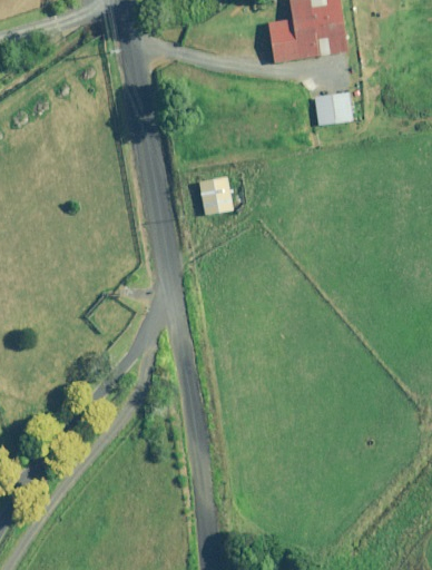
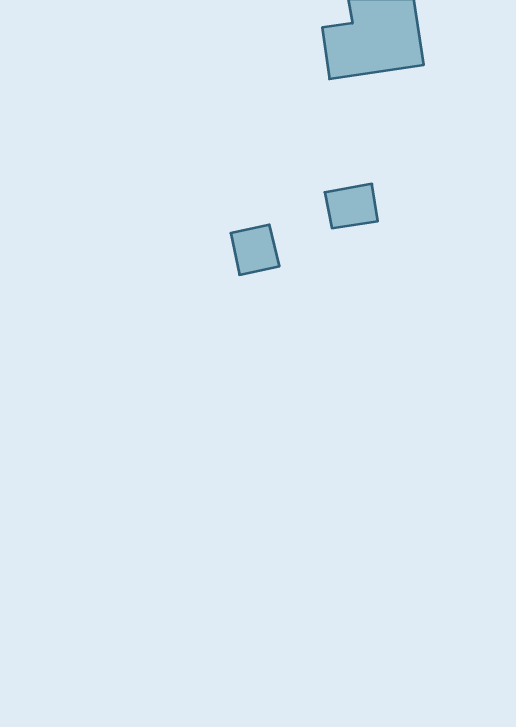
building: [312,91,353,126] -> [325,184,378,228]

